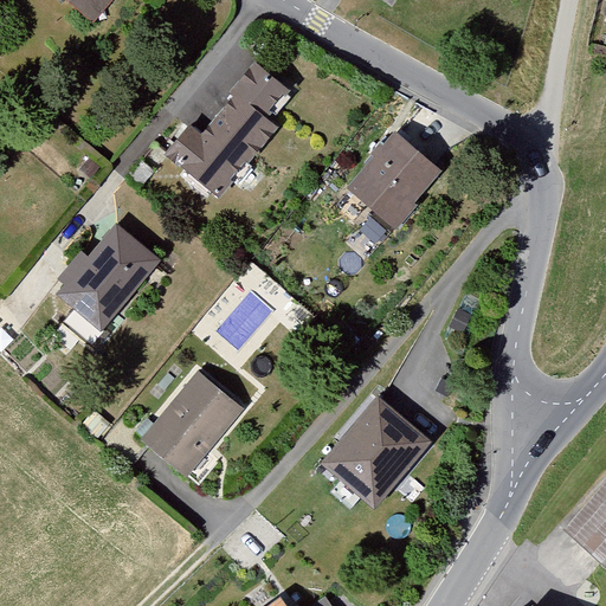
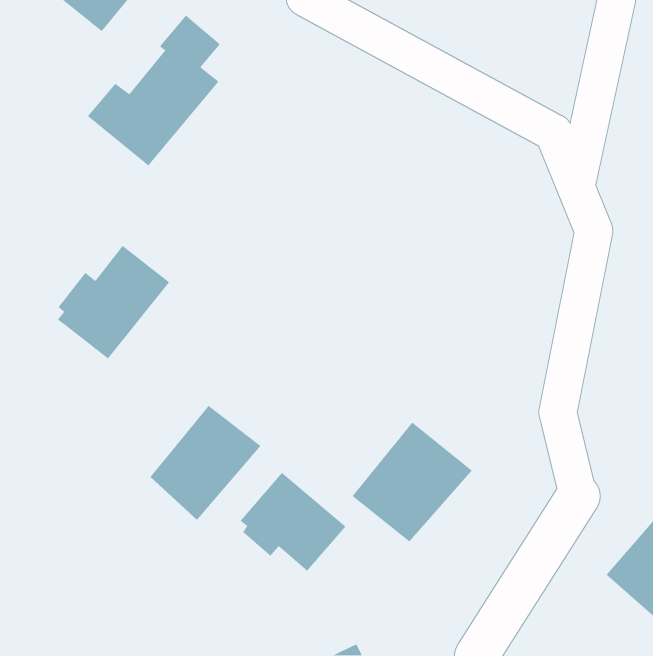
building: [163,62,286,201] -> [87,14,221,166]
building: [350,131,439,223] -> none
building: none -> [239,472,346,572]

